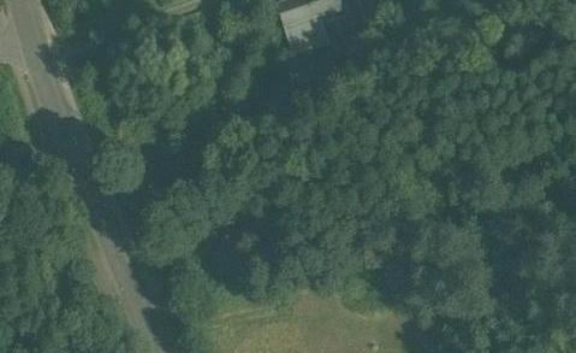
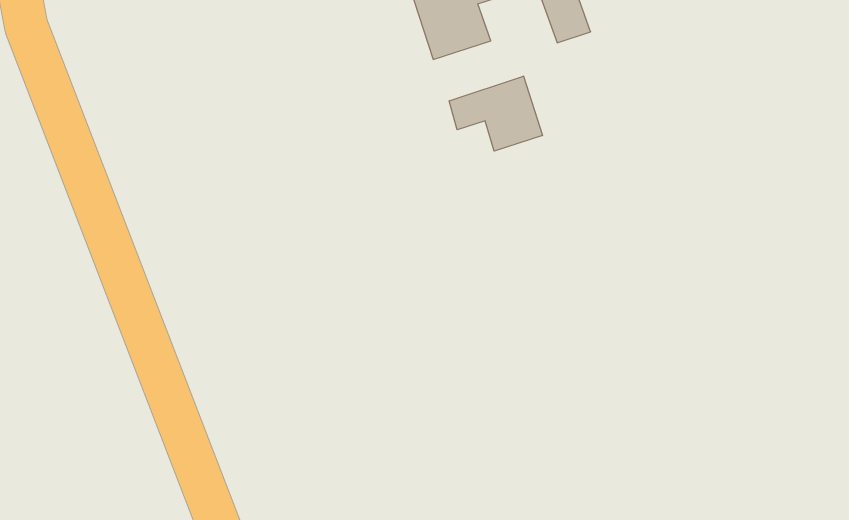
building: none -> [449,76,542,151]

